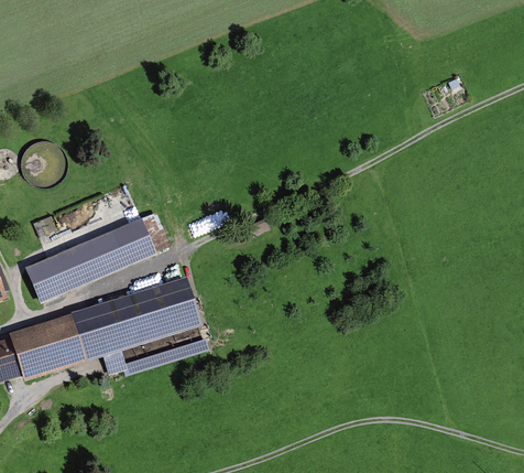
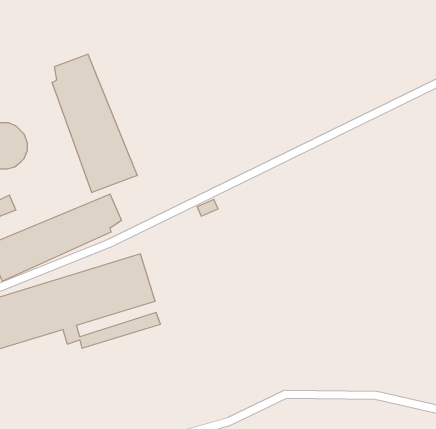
building: none -> [52,54,137,193]

